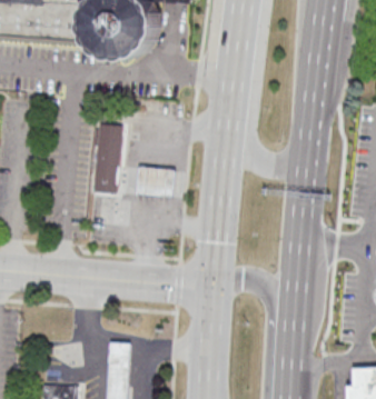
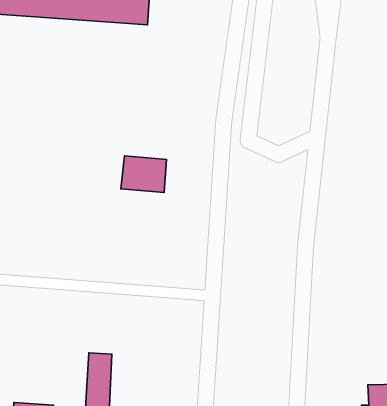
building: [93,124,123,196] -> none

